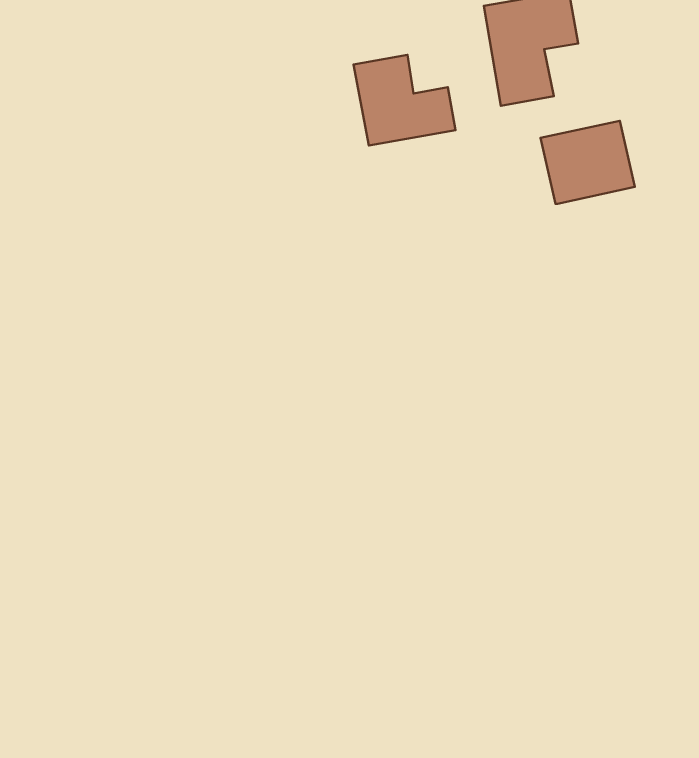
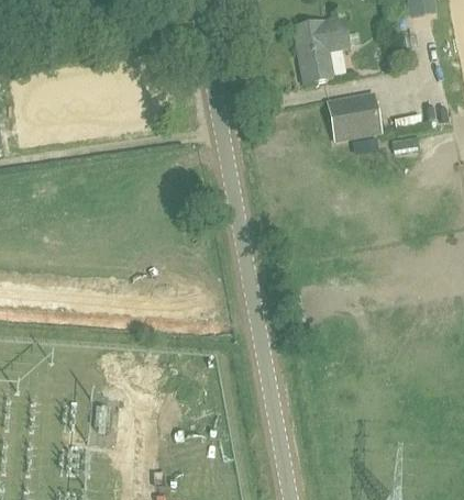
building: [354,55,456,146] -> none

